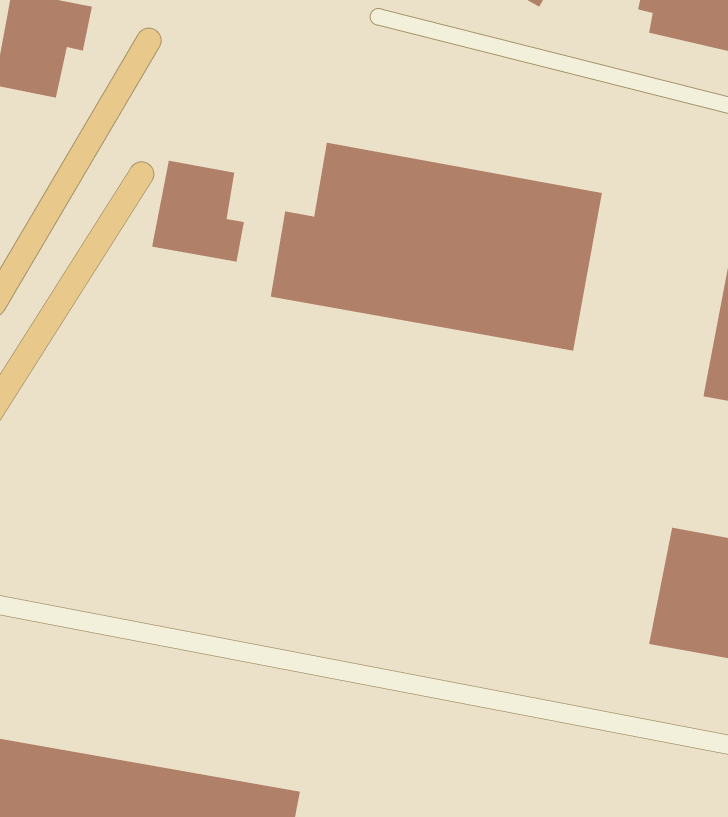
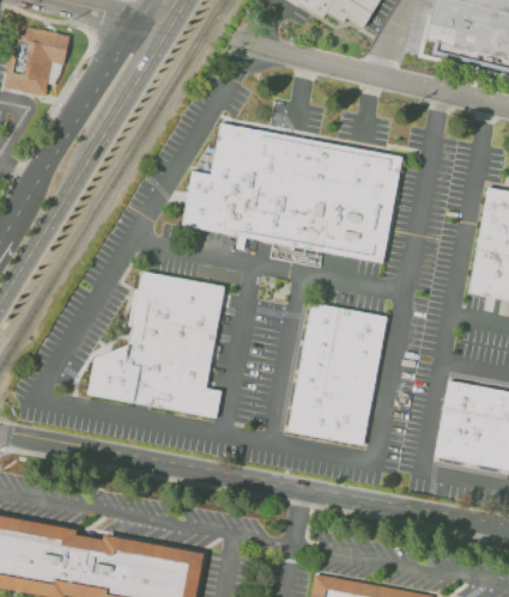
building: [151,160,245,263] -> none
building: none -> [87,270,226,418]
building: none -> [287,301,388,446]

